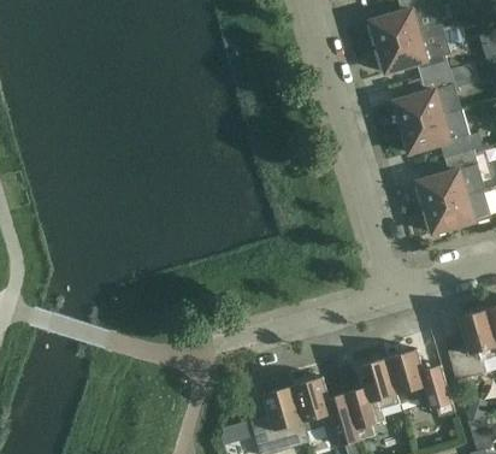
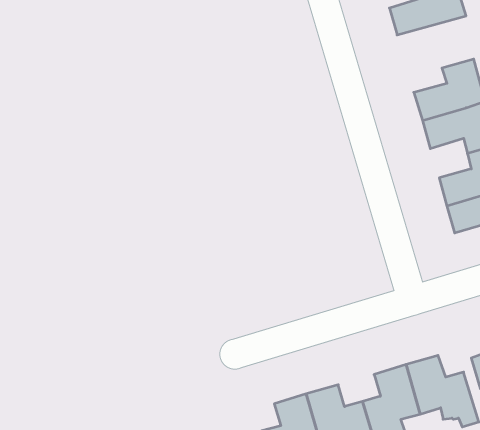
building: [377,29,449,78] -> none

